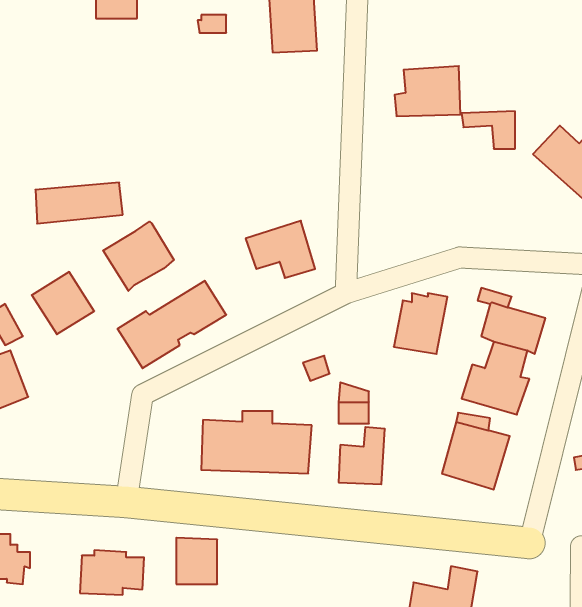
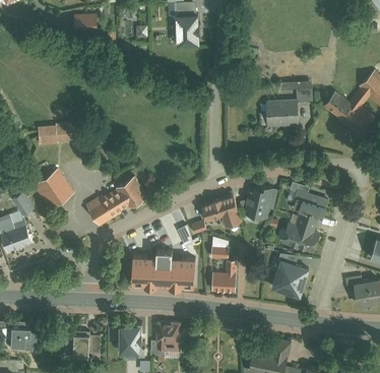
building: [395,66,461,116] -> [260,98,298,126]
building: [246,221,315,278] -> [201,194,241,227]
building: [103,222,174,291] -> none
building: none -> [151,323,180,357]

